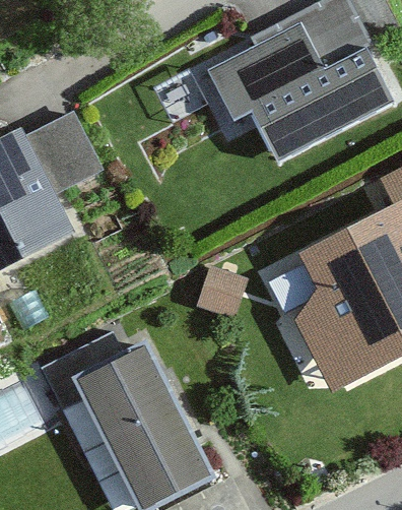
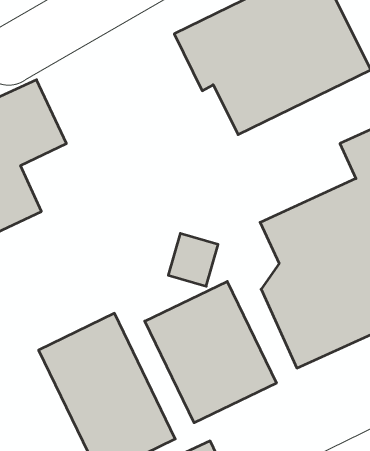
building: none -> [145,281,276,423]

